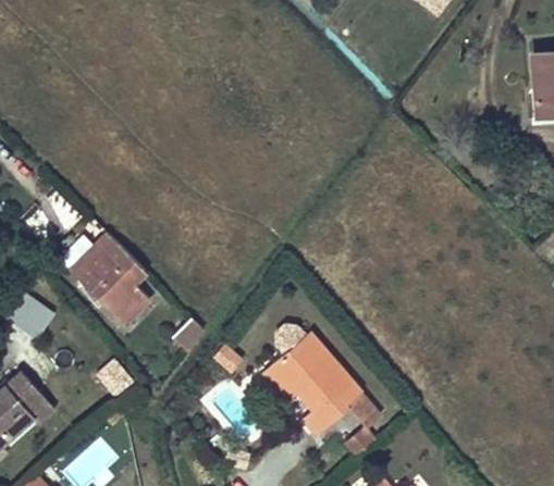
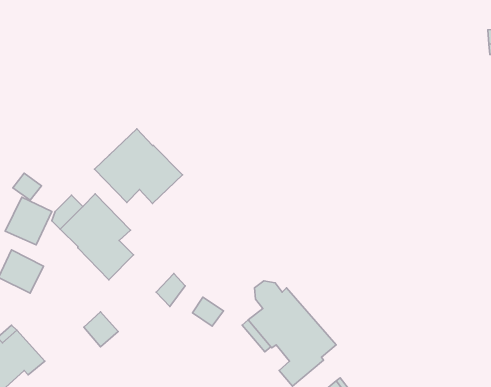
building: none -> [95,129,182,203]
building: none -> [5,197,52,245]

